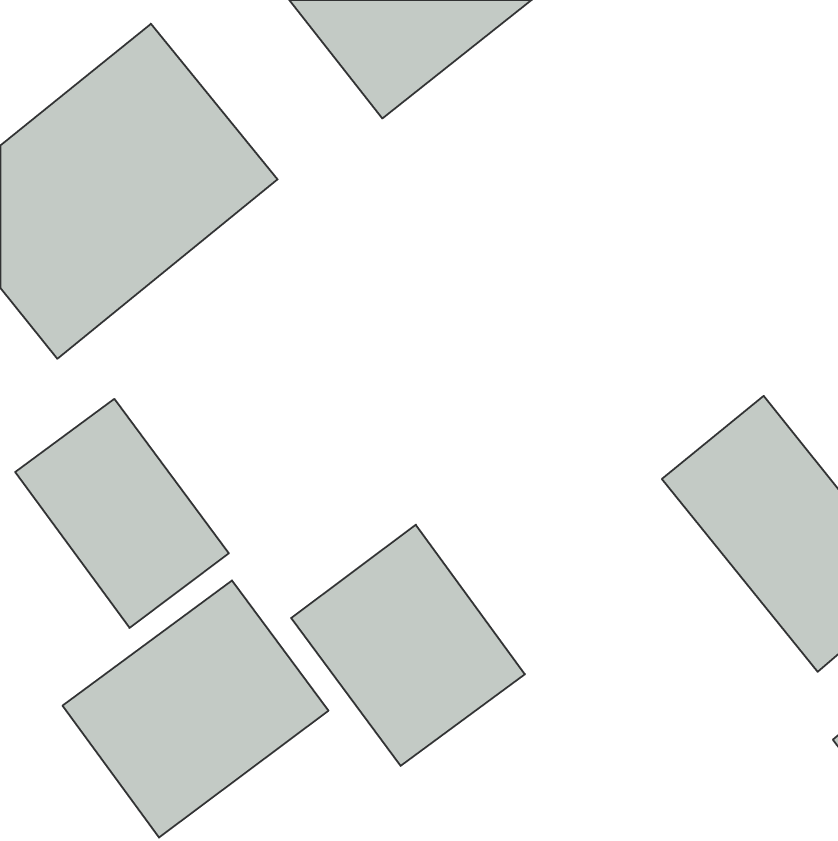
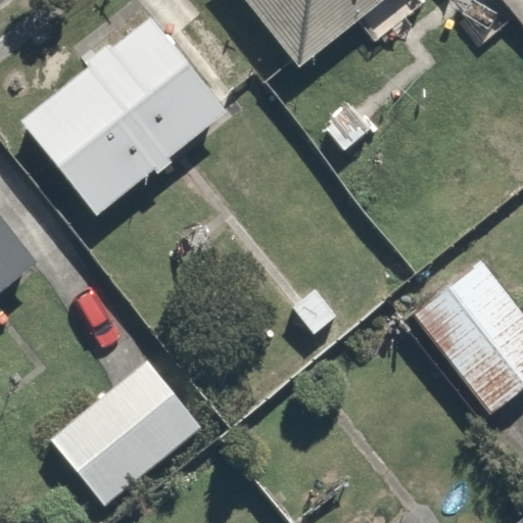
building: [15,399,229,628] -> none
building: [291,525,525,766] -> none

